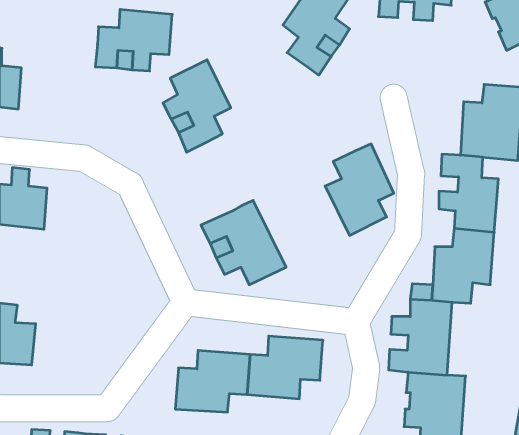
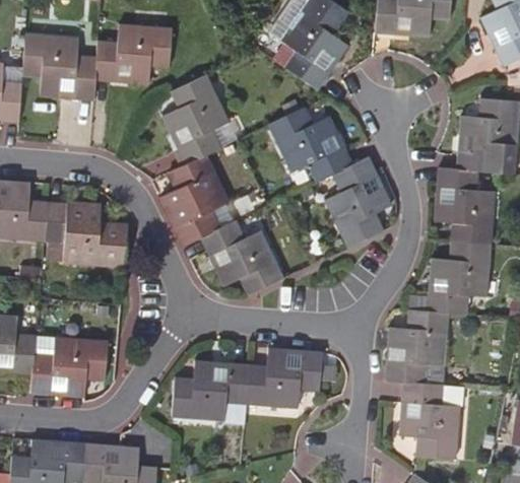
building: none -> [23,34,98,97]
building: none -> [268,107,352,182]
building: none -> [160,155,229,246]
building: none -> [45,201,128,265]
building: none -> [31,335,108,397]

